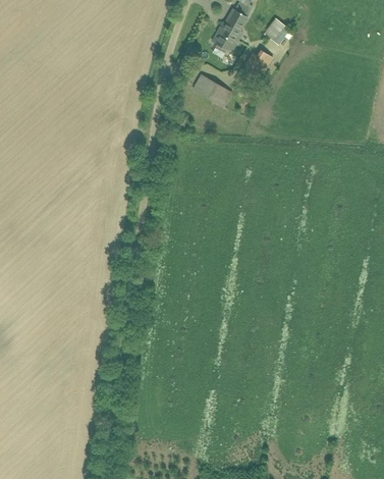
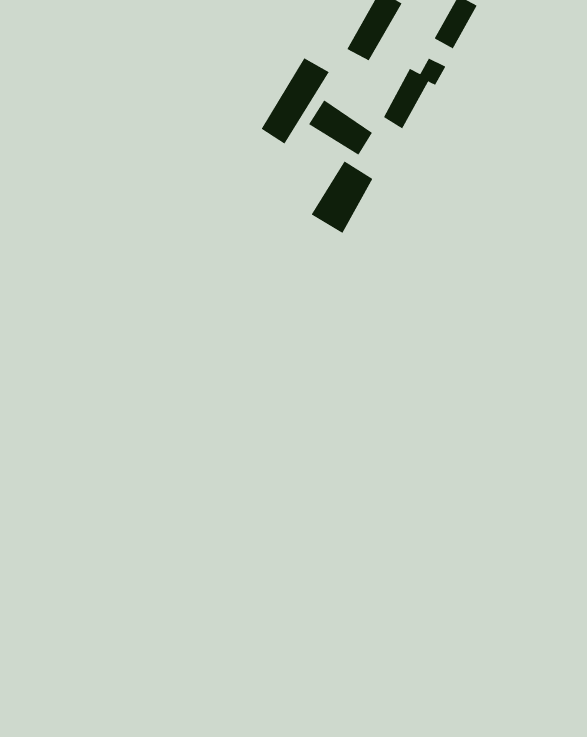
building: none -> [261,58,330,144]
building: none -> [311,160,373,234]

